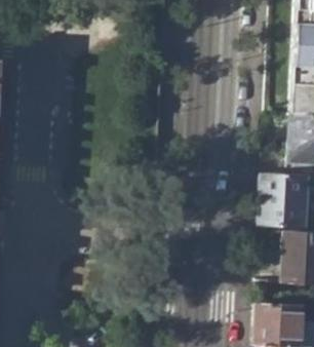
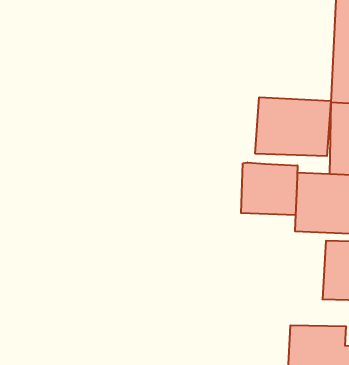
building: none -> [255,97,331,156]
building: none -> [241,162,297,215]

